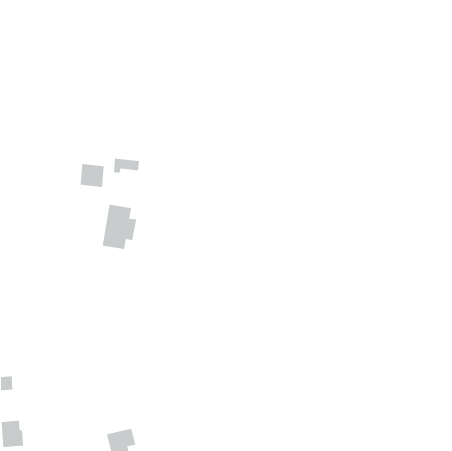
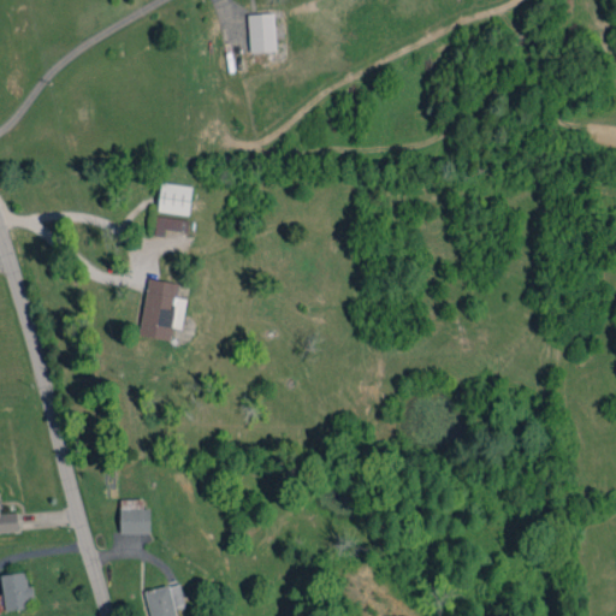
building: none -> [248,13,277,53]
building: [80,164,105,187] -> [158,183,191,215]
building: none -> [120,499,150,534]

